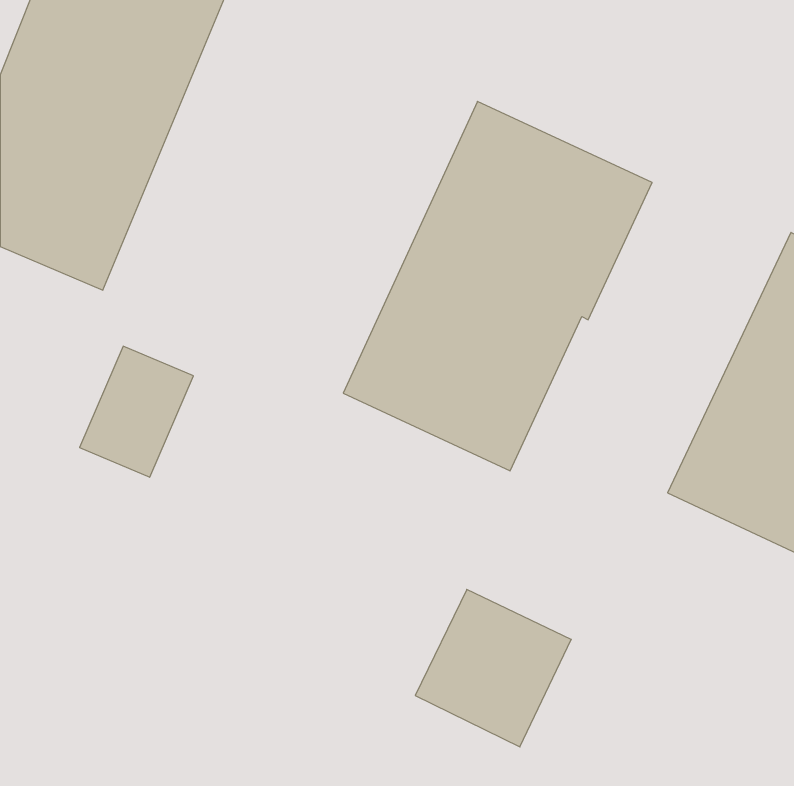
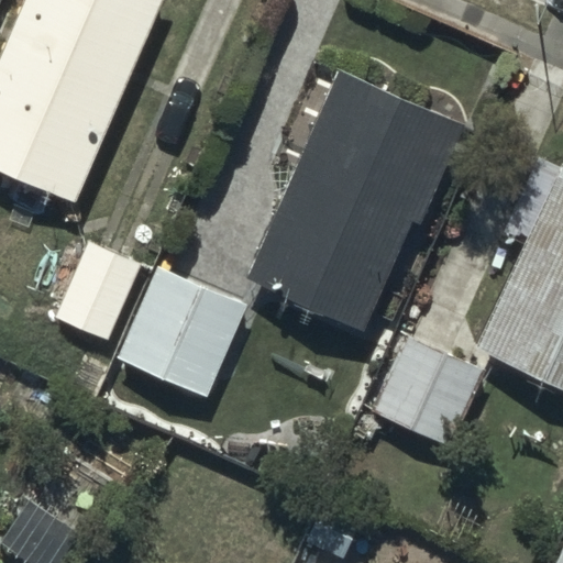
building: none -> [119,267,245,396]
building: [415,589,571,747] -> [373,335,483,446]

